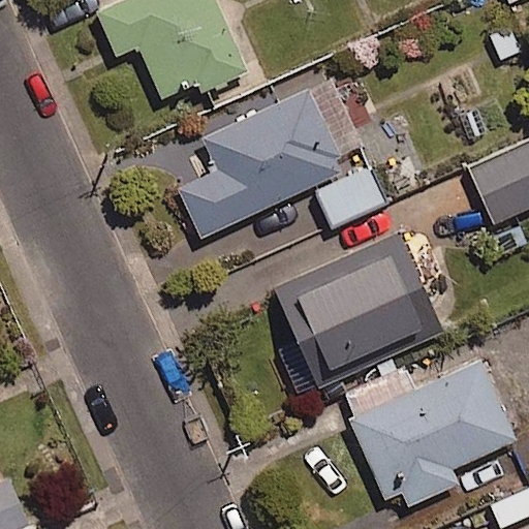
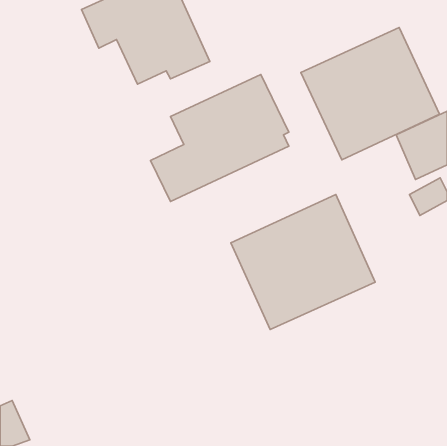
building: none -> [301,27,439,160]
building: [348,359,519,507] -> none

